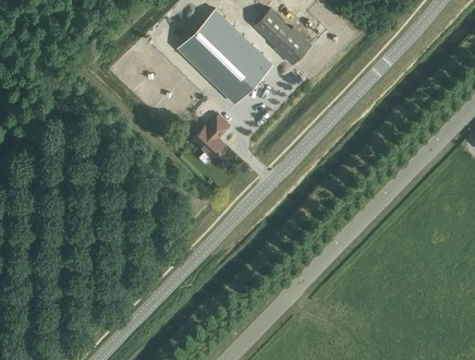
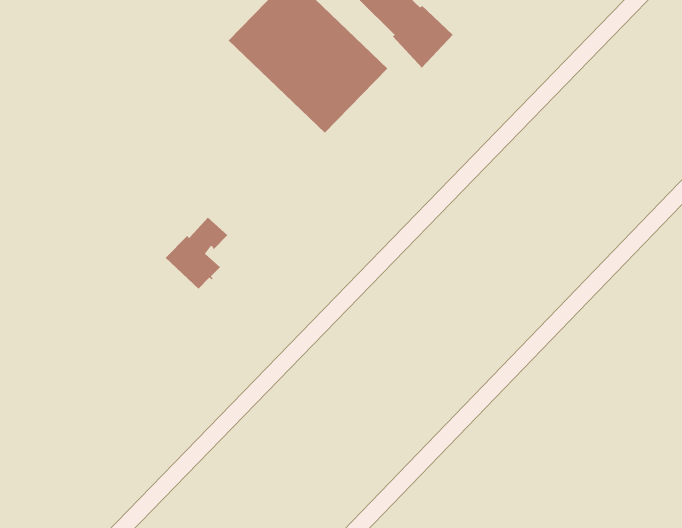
building: [193,116,230,158] -> [165,217,228,289]

